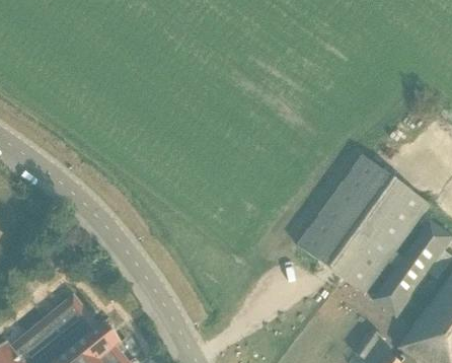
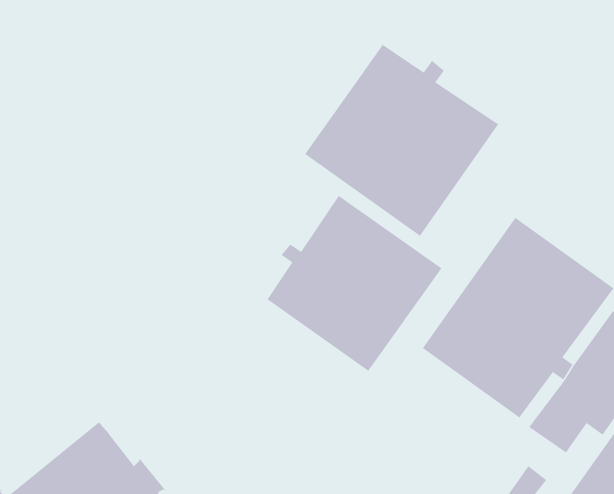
building: none -> [304,44,499,237]
building: none -> [267,195,442,372]

